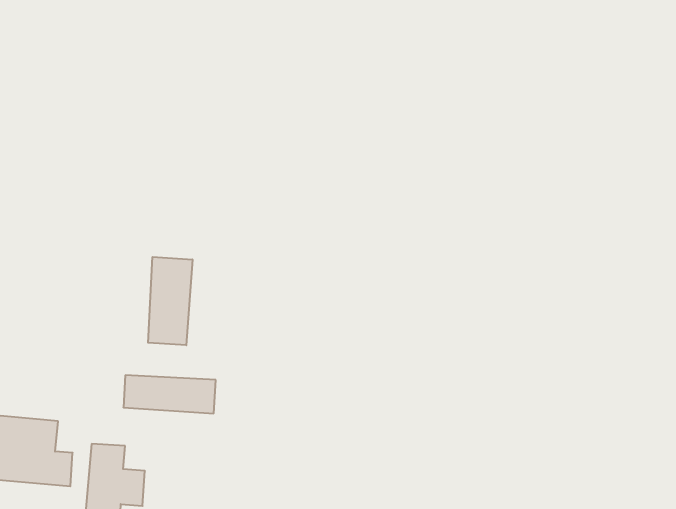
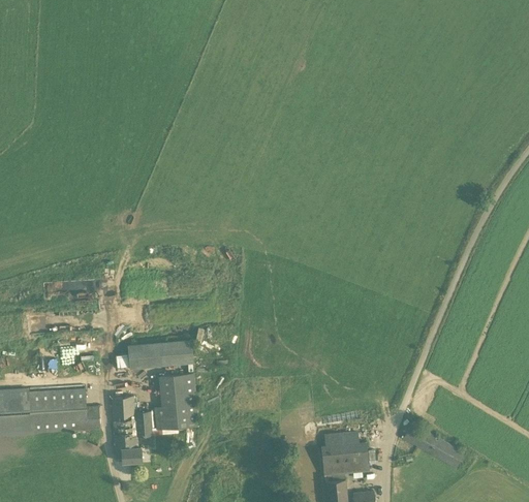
building: [148,257,192,345] -> none
building: none -> [154,373,198,430]

